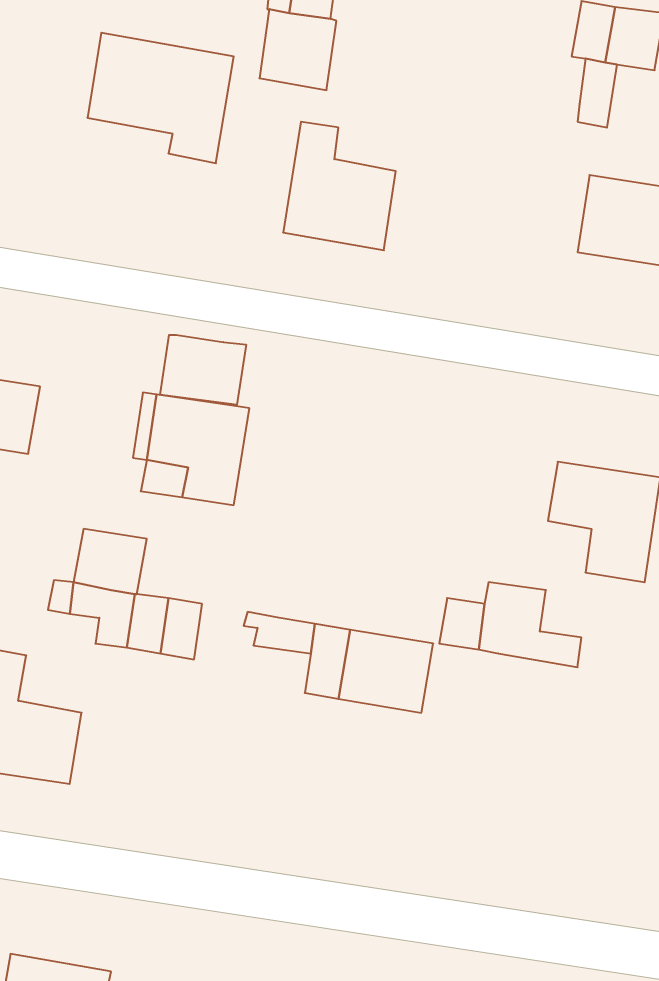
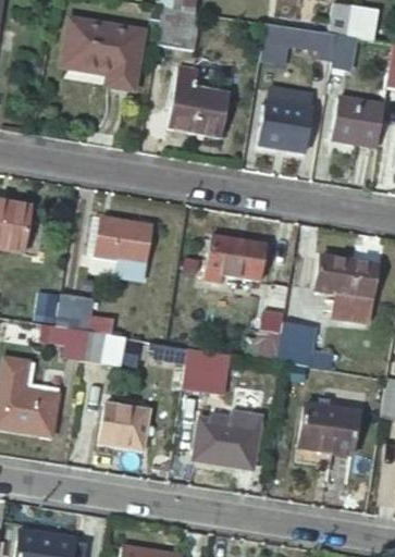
building: none -> [266,24,336,59]
building: none -> [261,101,313,151]
building: [160,335,246,405] -> none
building: none -> [206,236,267,281]
building: none -> [300,404,360,454]
building: none -> [99,407,147,448]
building: none -> [194,421,259,466]

